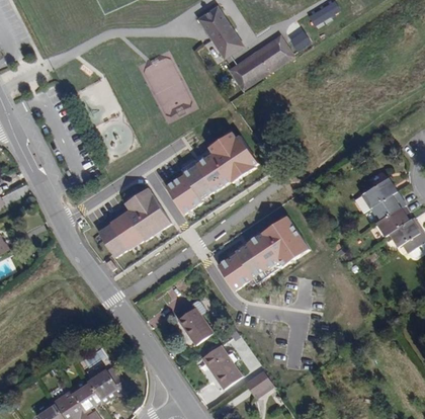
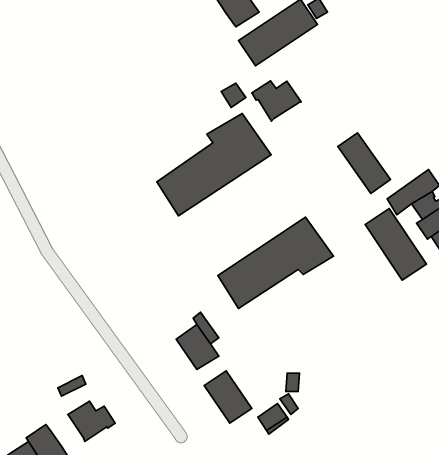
building: none -> [252,81,301,121]
building: none -> [338,133,391,193]
building: [94,188,170,259] -> none
building: none -> [365,208,426,280]
building: [73,382,101,408] -> none

